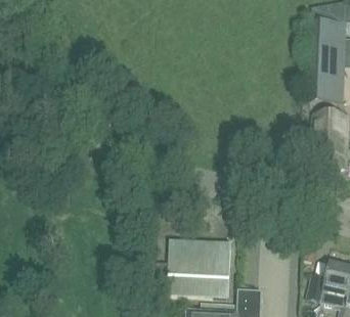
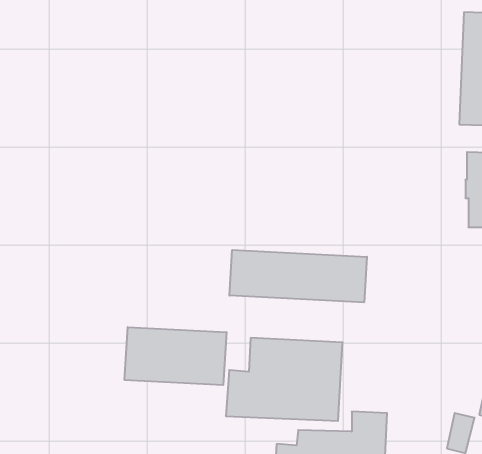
building: none -> [229,250,367,302]
building: none -> [125,327,226,385]

